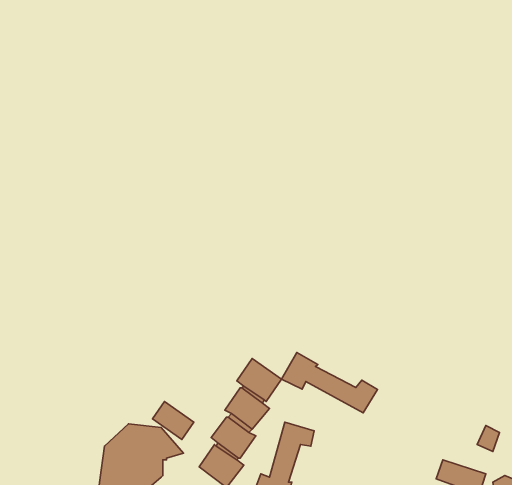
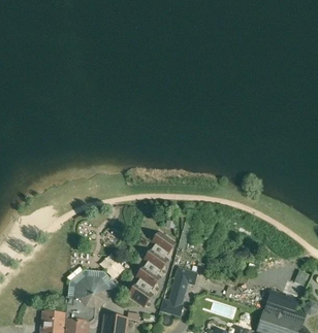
building: [281,352,377,413] -> none

